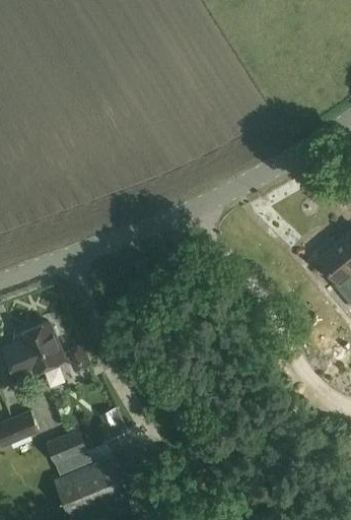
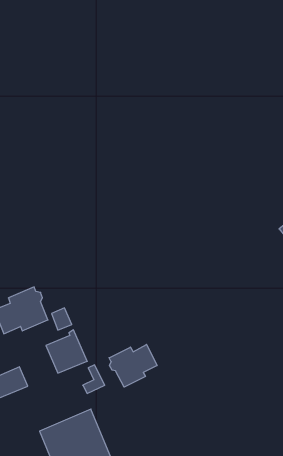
building: none -> [109,344,157,387]
building: [46,427,91,474] -> [46,330,87,373]

